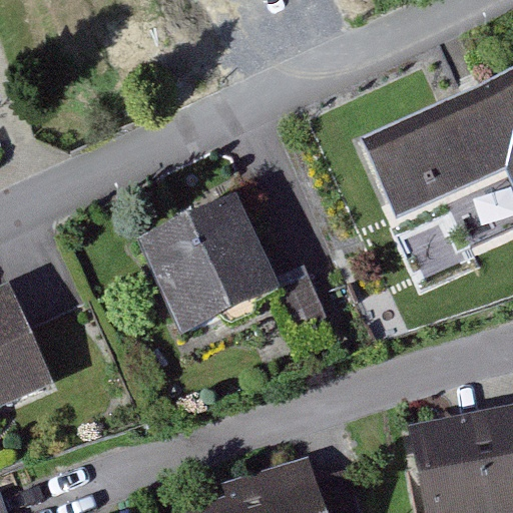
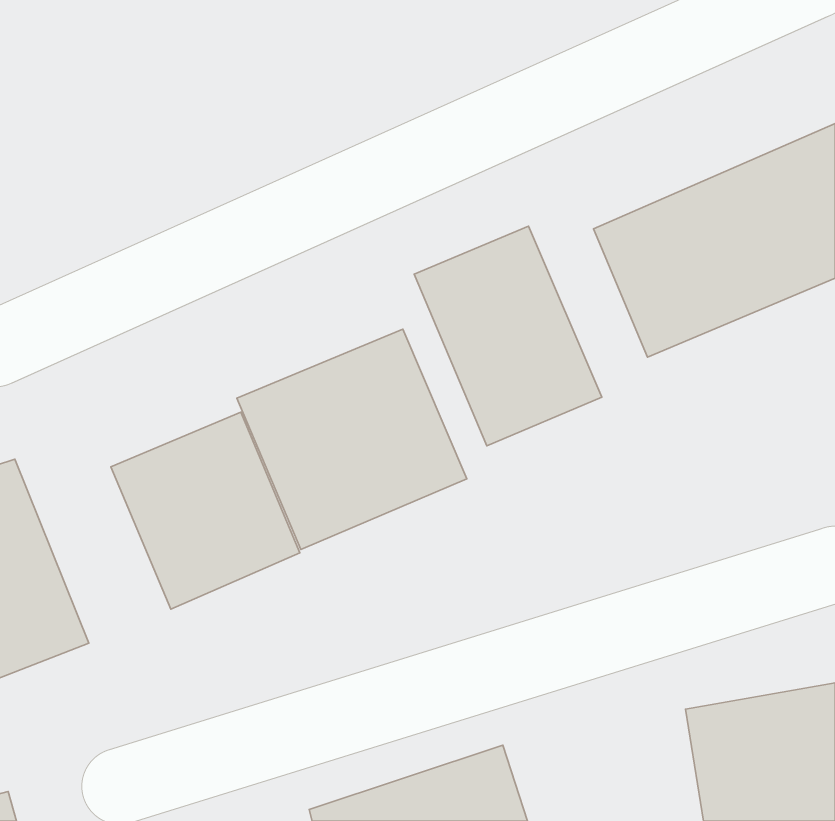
building: none -> [414,226,602,446]
building: none -> [111,412,300,609]

